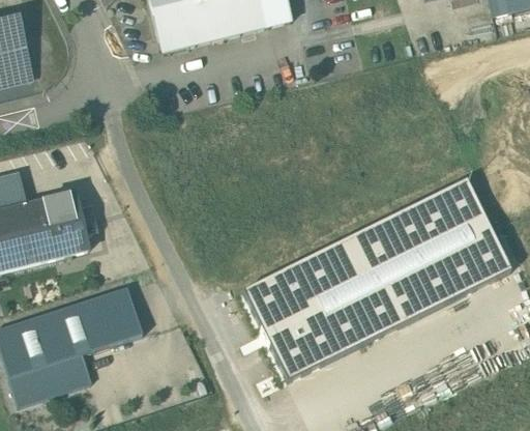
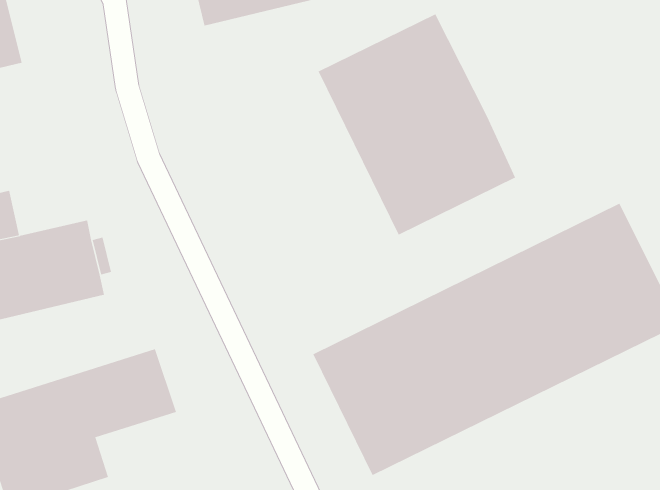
building: none -> [318,14,516,236]

